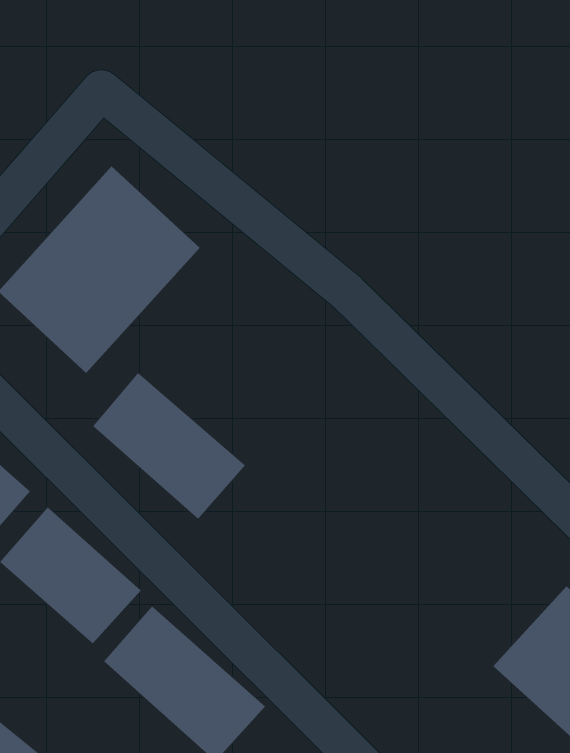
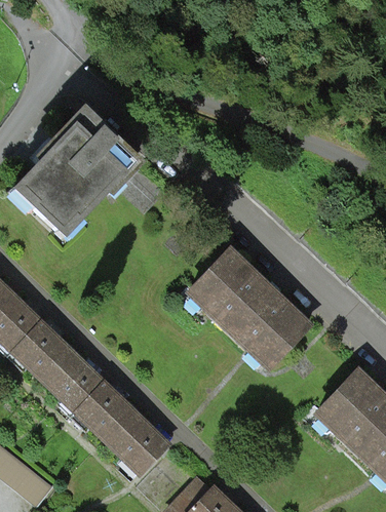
building: [92,372,246,519] -> none
building: none -> [187,247,313,370]

